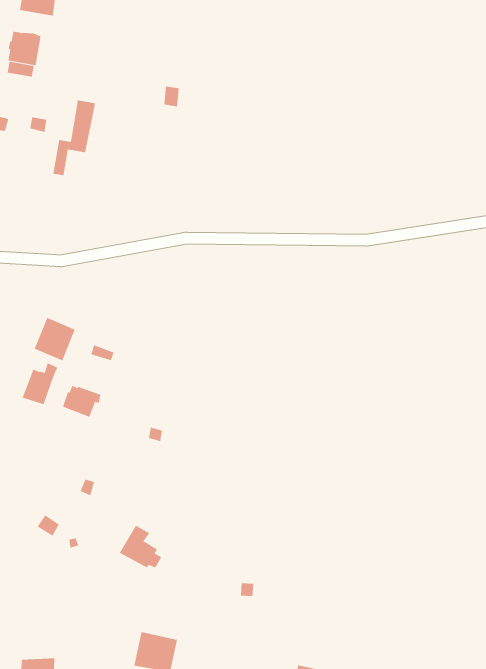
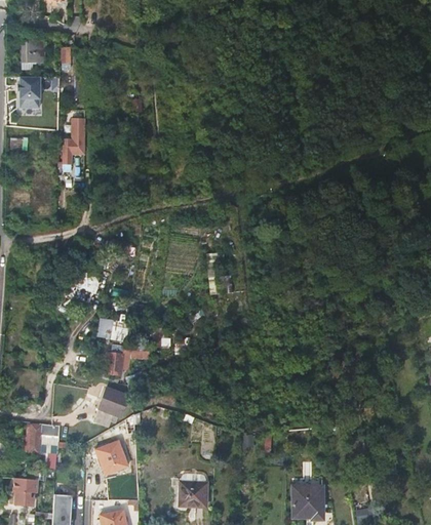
building: [22,363,58,405] -> [105,344,126,373]
building: [119,525,162,568] -> [100,386,130,414]
building: none -> [96,438,129,472]

